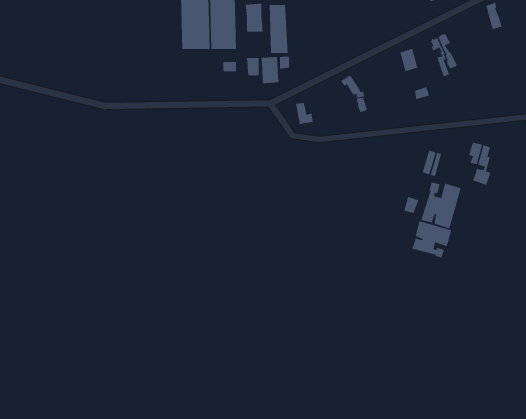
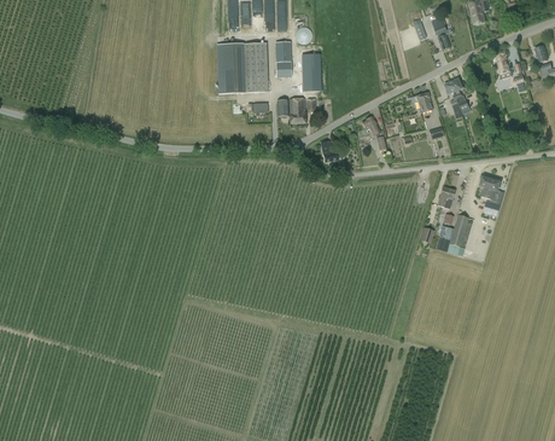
building: [411,220,452,258] -> none

